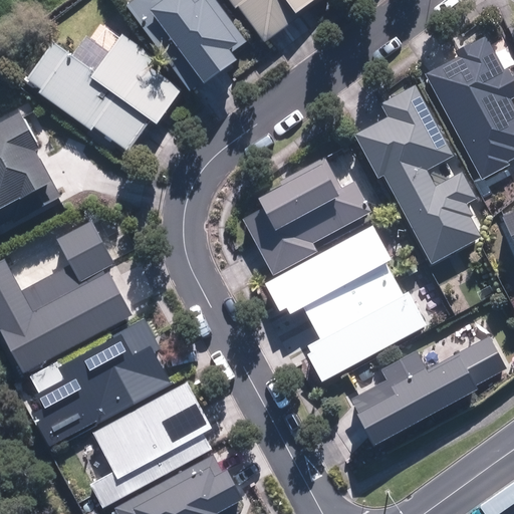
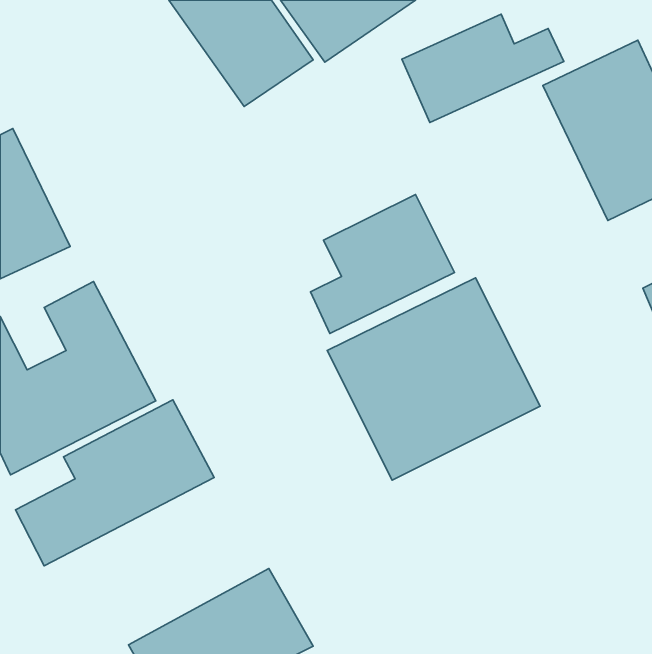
building: none -> [402,14,564,123]
building: [27,29,184,160] -> none
building: [360,93,486,266] -> none
building: [353,328,505,438] -> none
building: [71,377,214,492] -> none

